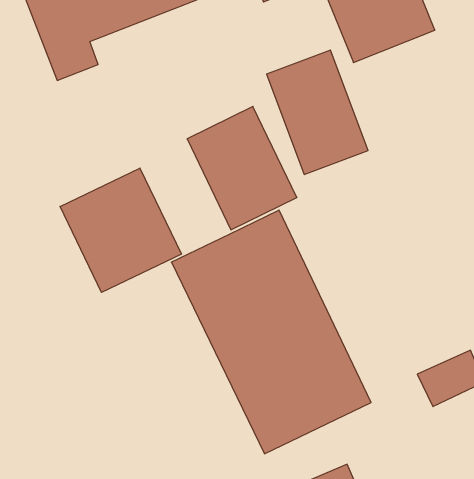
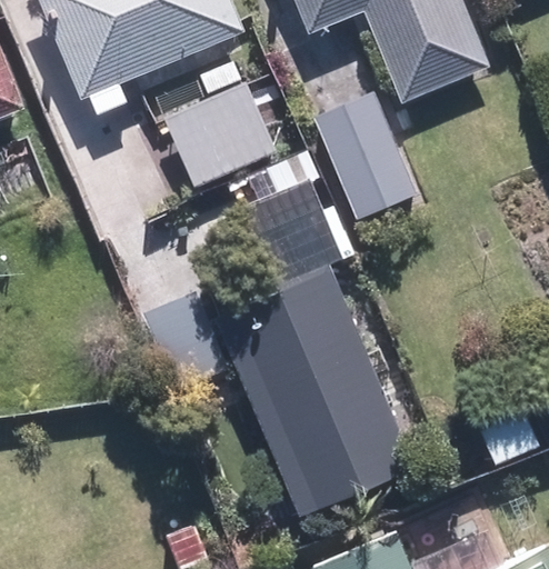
building: none -> [154,49,281,193]
building: [60,168,181,292] -> none

